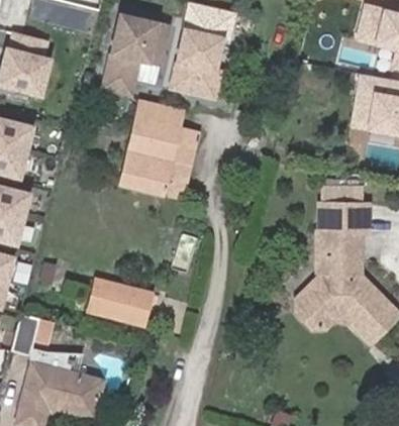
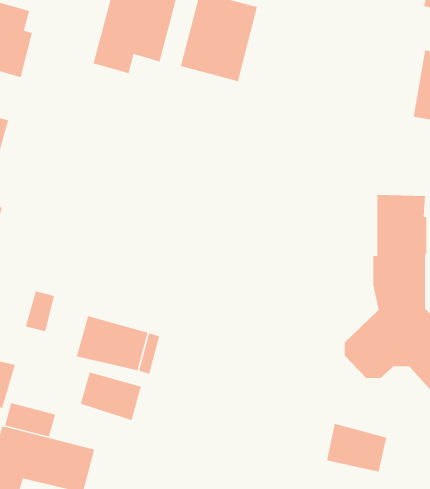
building: [120,101,201,197] -> none
building: none -> [80,372,142,421]
building: none -> [326,423,387,472]

